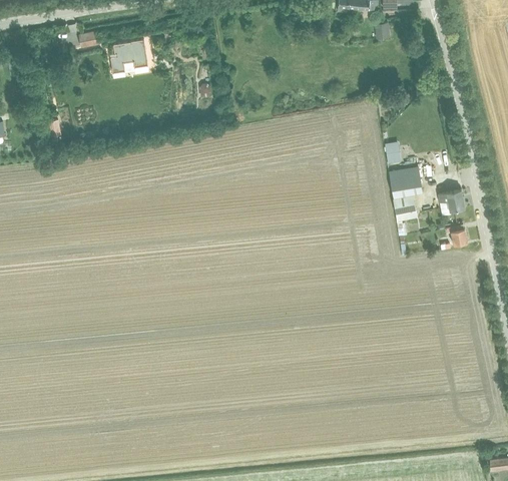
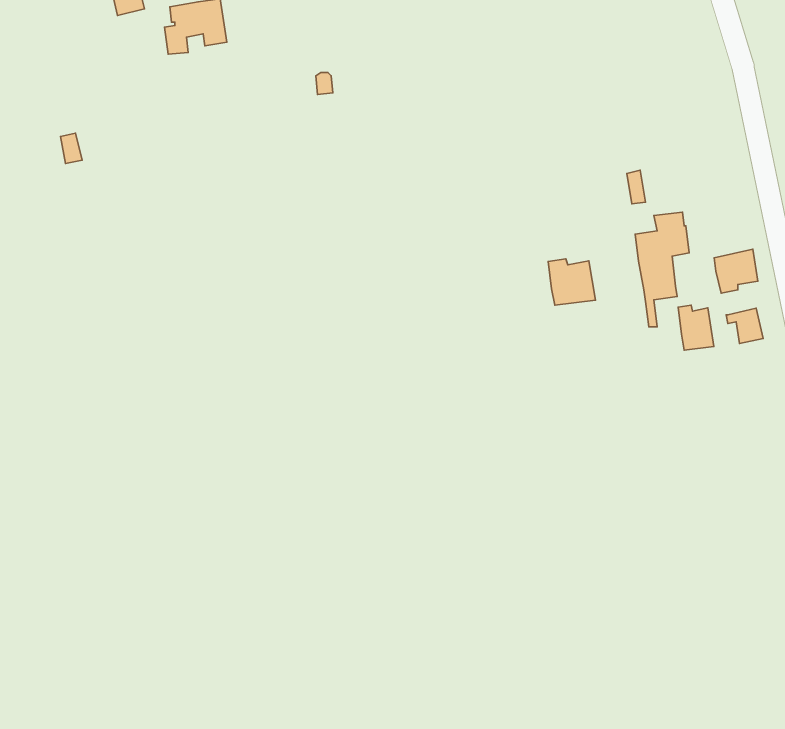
building: none -> [548,259,596,305]
building: none -> [678,305,714,350]

